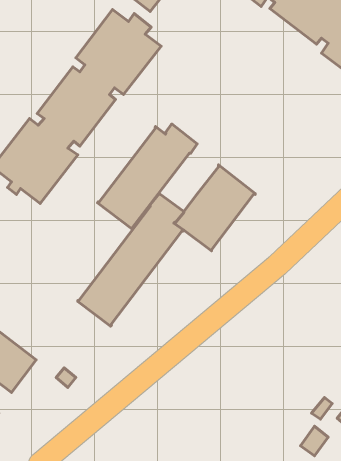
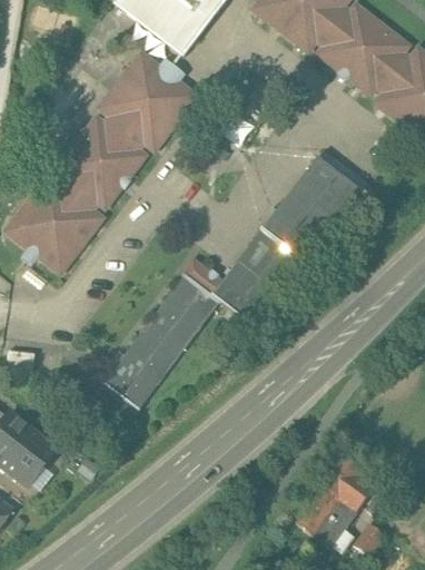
building: none -> [260,156,368,264]
building: [98,124,197,229] -> none
building: none -> [295,458,373,549]

